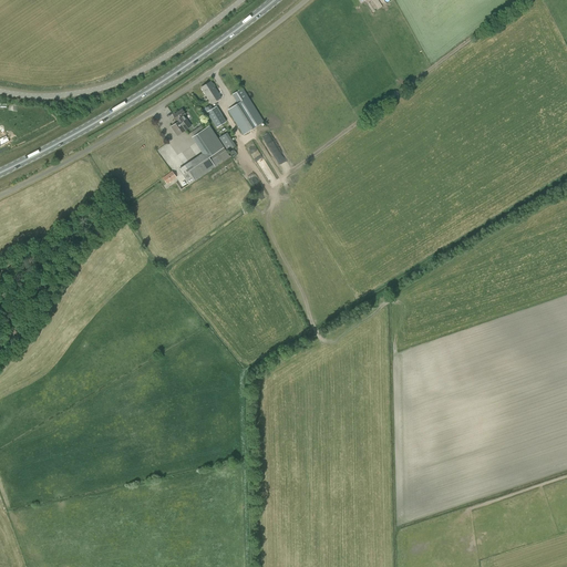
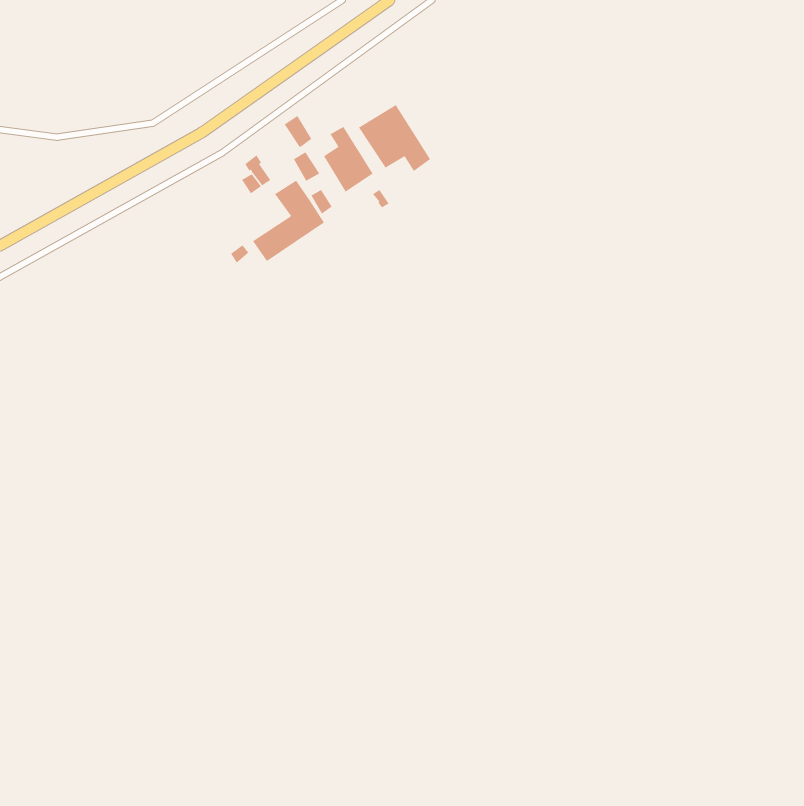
building: none -> [358,104,431,172]

